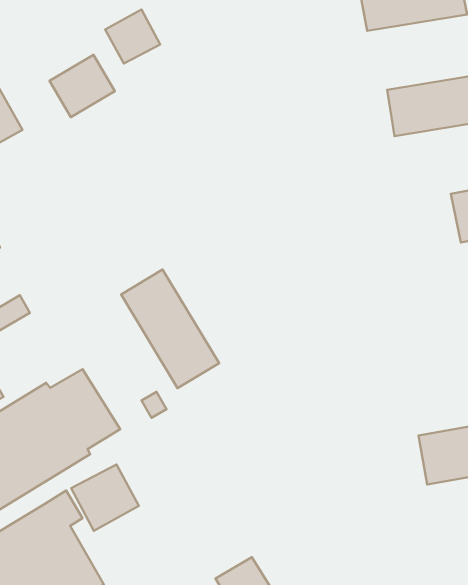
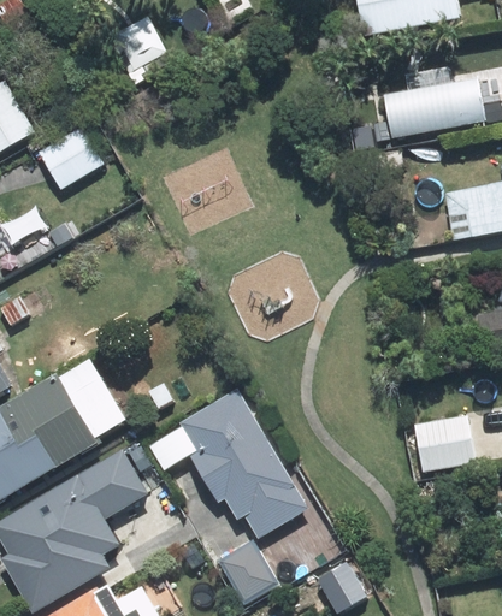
building: [50,55,115,117] -> [39,128,101,188]
building: [121,269,219,388] -> none
building: none -> [149,389,308,537]

